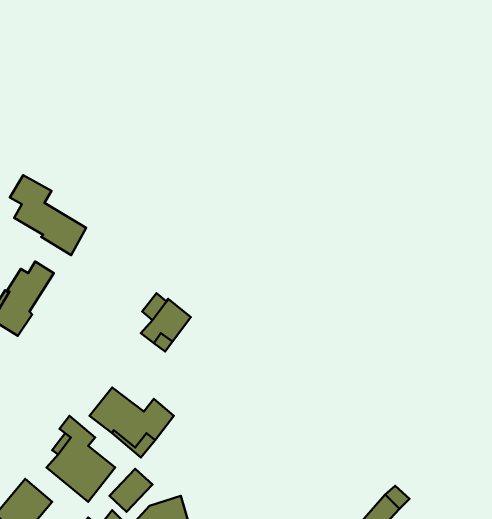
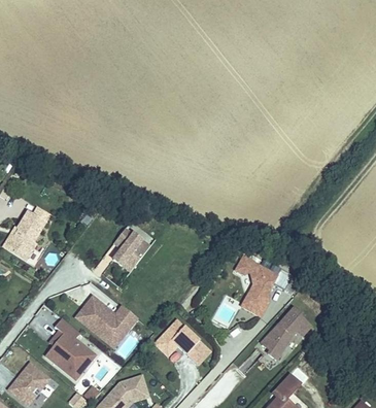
building: [10,175,86,255] -> none
building: none -> [234,256,292,316]
building: none -> [261,308,310,359]
building: none -> [153,319,209,364]

